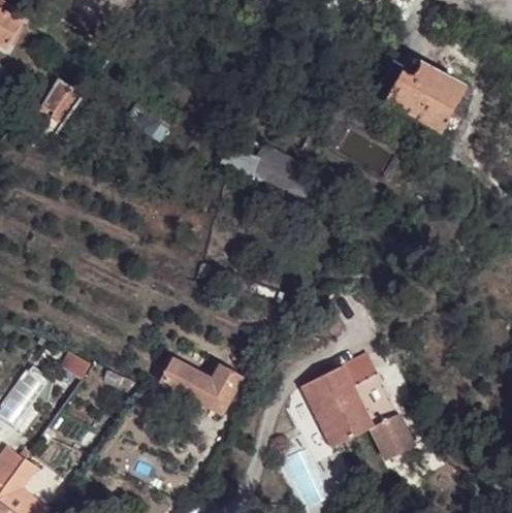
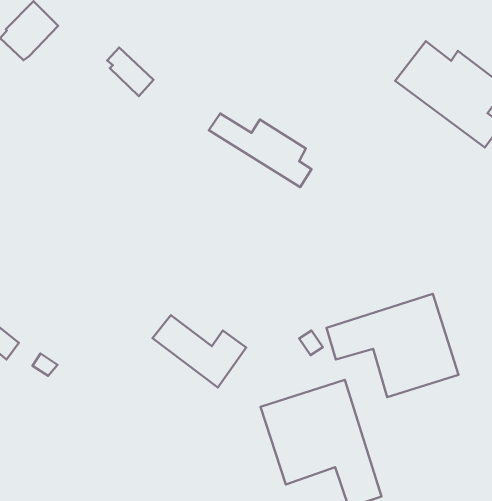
building: none -> [326,294,458,397]
building: [160,359,239,414] -> [152,315,246,388]

